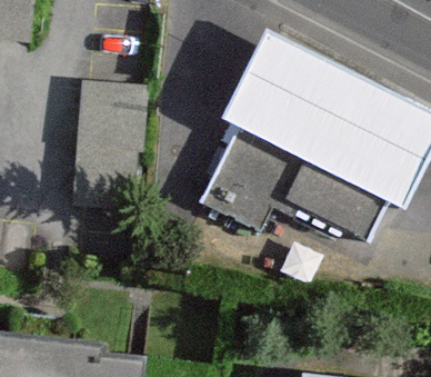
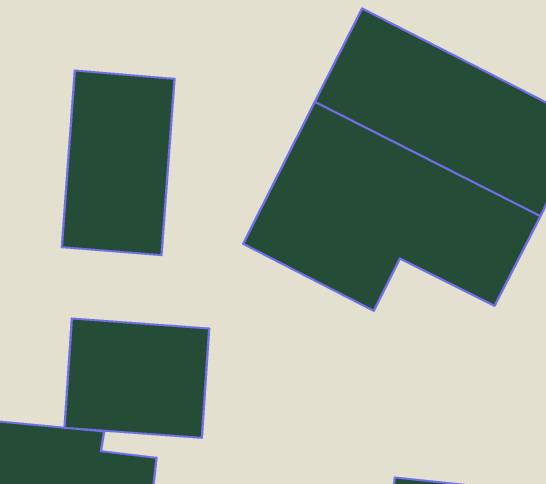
building: none -> [64,318,209,438]

